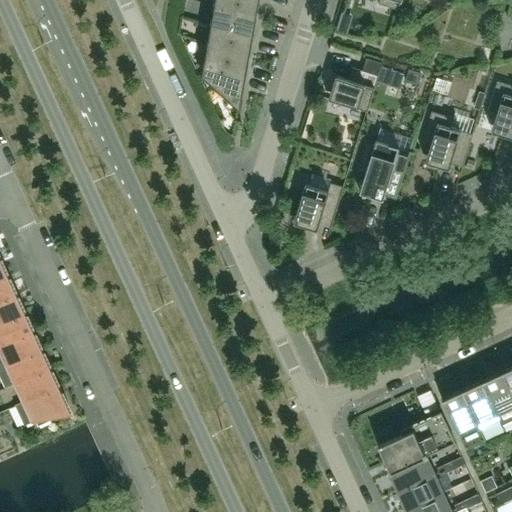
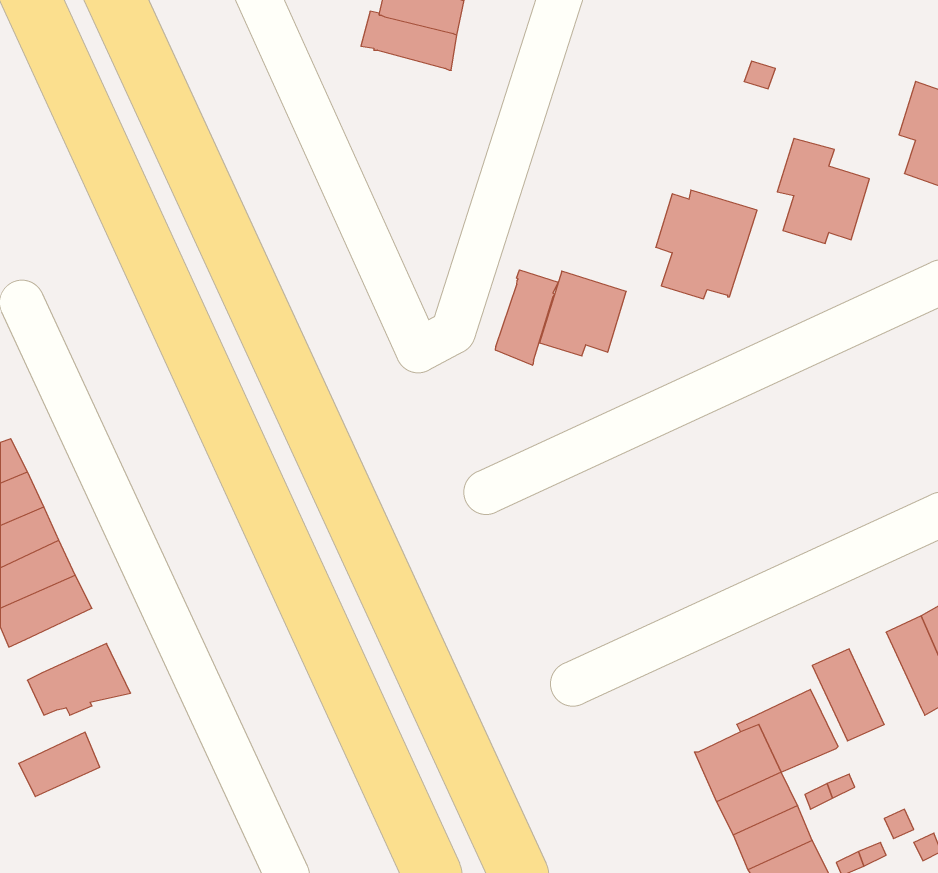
building: [328,58,381,111] -> none
building: [201,64,245,109] -> none
building: none -> [496,270,558,365]
building: [14,367,58,402] -> [19,732,100,797]
building: [461,380,500,430] -> none

